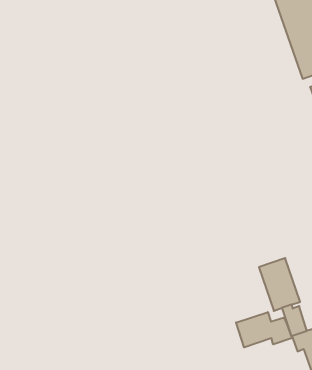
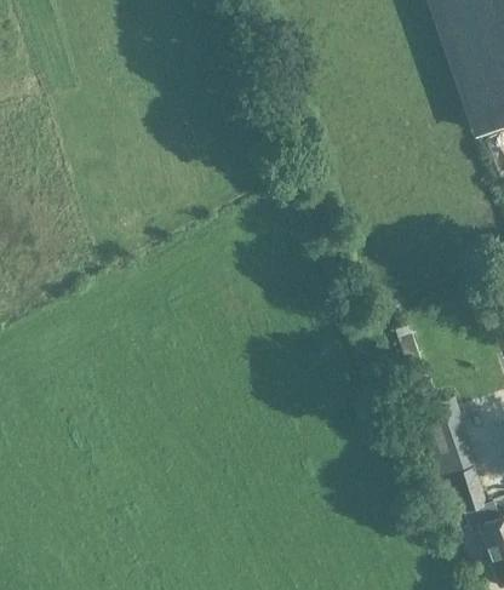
building: [236,312,292,347] -> none

